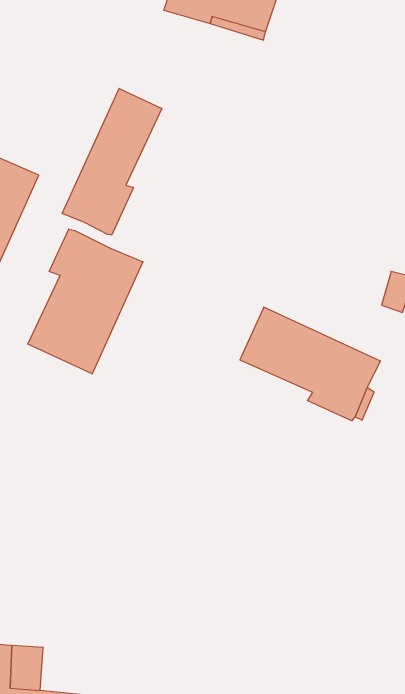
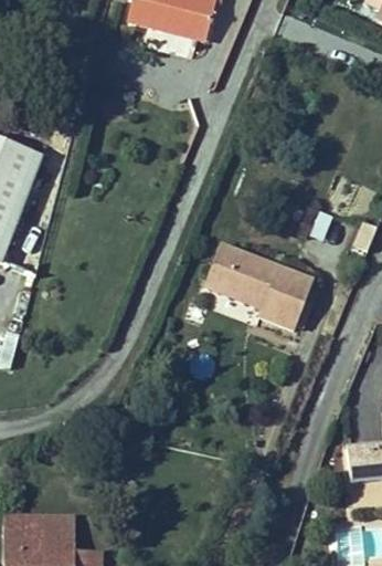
building: [62,88,162,235] -> none
building: [28,229,143,374] -> none

